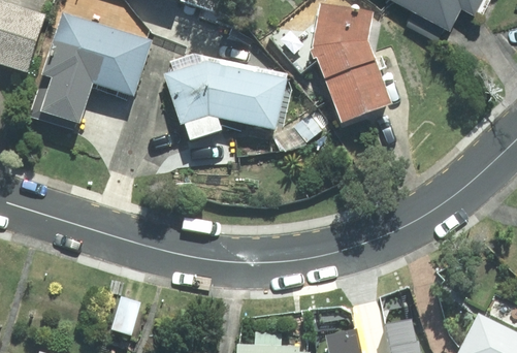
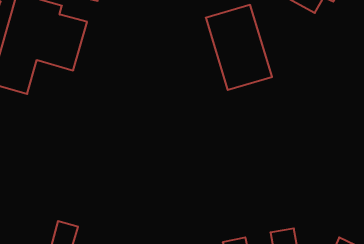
building: [163,63,284,143] -> none

